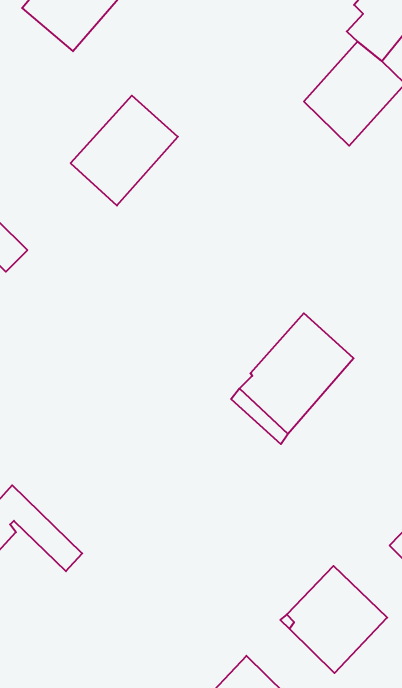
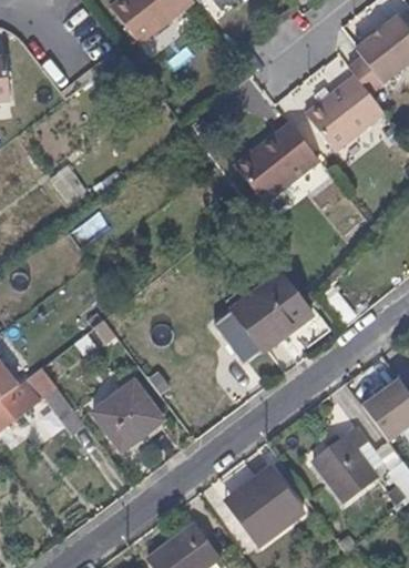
building: [71,96,178,206] -> [237,123,320,203]
building: none -> [92,378,163,448]

